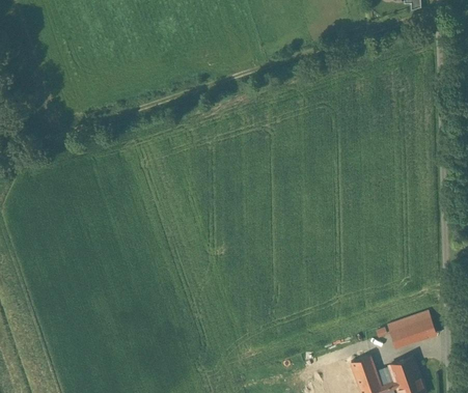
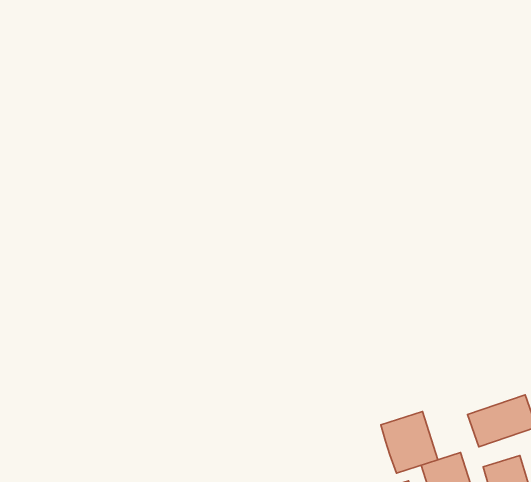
building: none -> [381,412,438,473]

